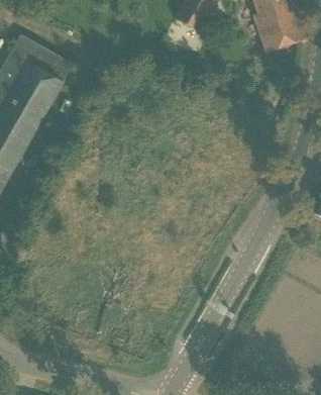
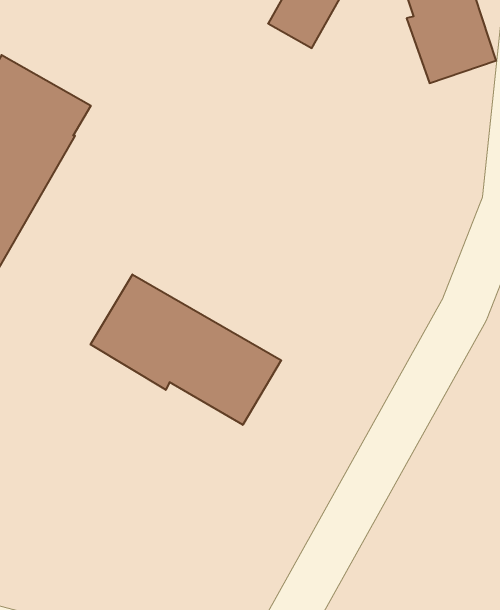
building: none -> [91,274,281,425]

